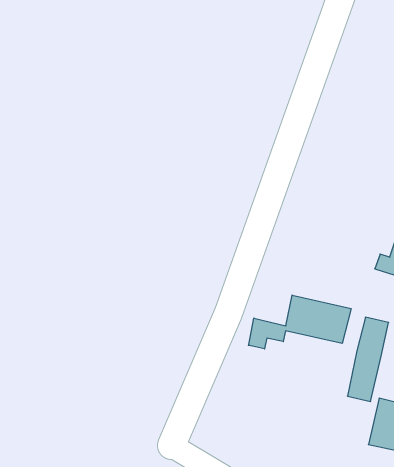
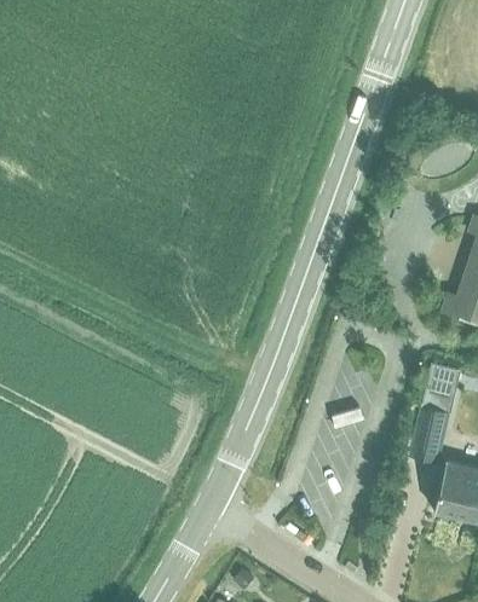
building: [248,295,351,349] -> none

